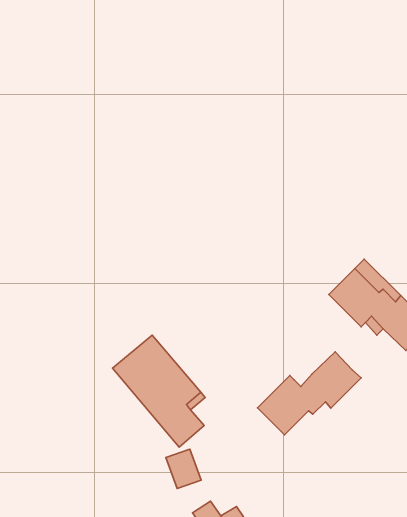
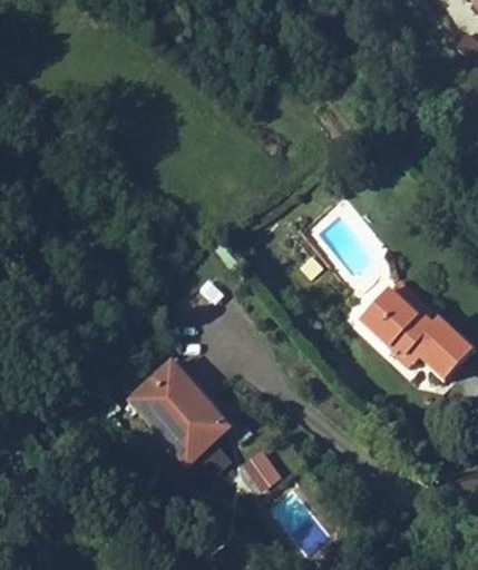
building: [258,352,361,435] -> none
building: [166,449,201,489] -> [241,451,279,493]

